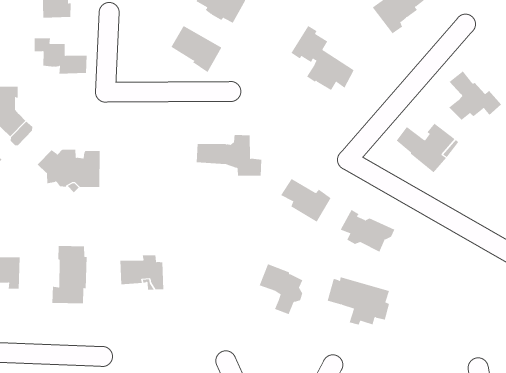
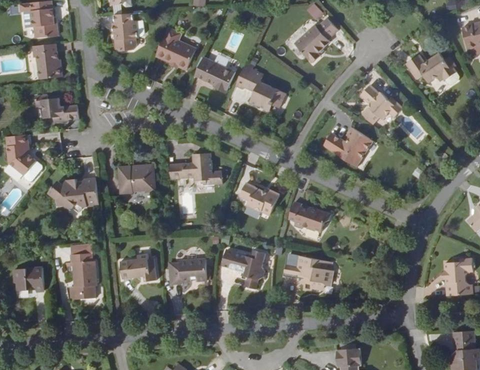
building: [171,25,222,73] -> [195,57,235,92]
building: none -> [119,164,156,193]
building: none -> [169,257,207,285]

